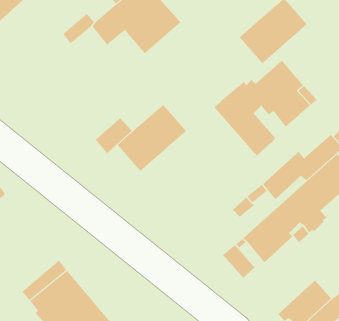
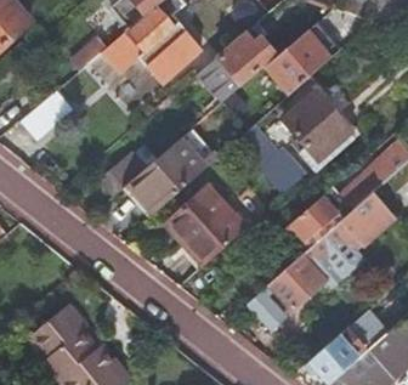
building: none -> [196,30,277,102]
building: none -> [22,91,73,141]
building: none -> [166,186,246,268]

